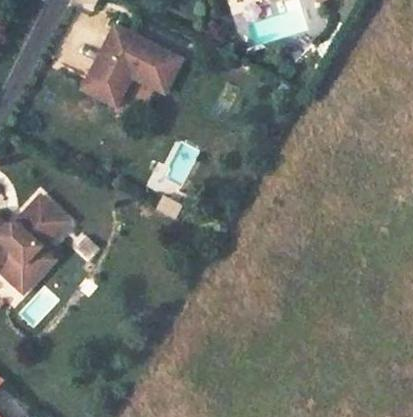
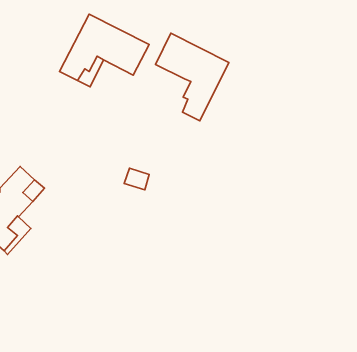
building: none -> [156,33,229,121]

